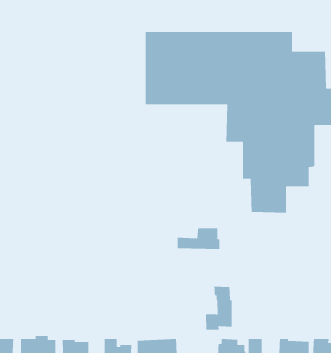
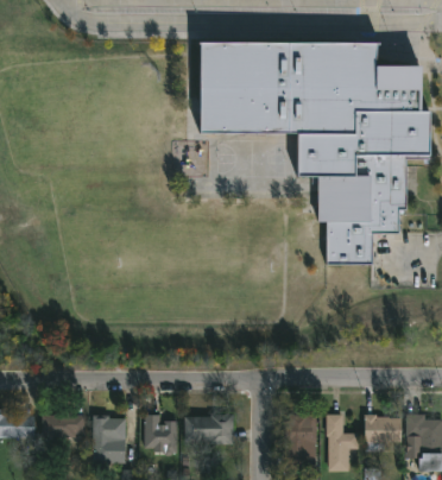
building: [177,227,220,250] -> none
building: [205,286,232,331] -> none

